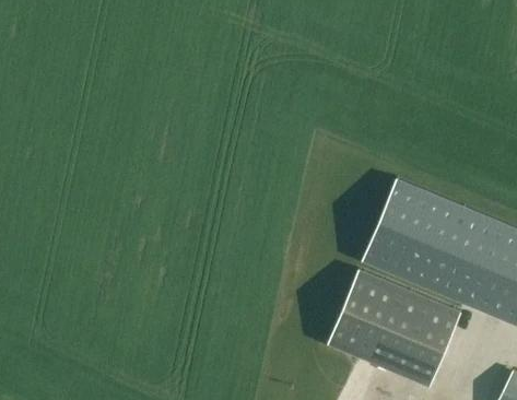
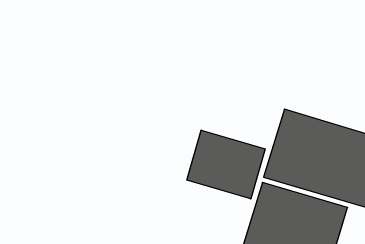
building: none -> [187,130,265,199]

